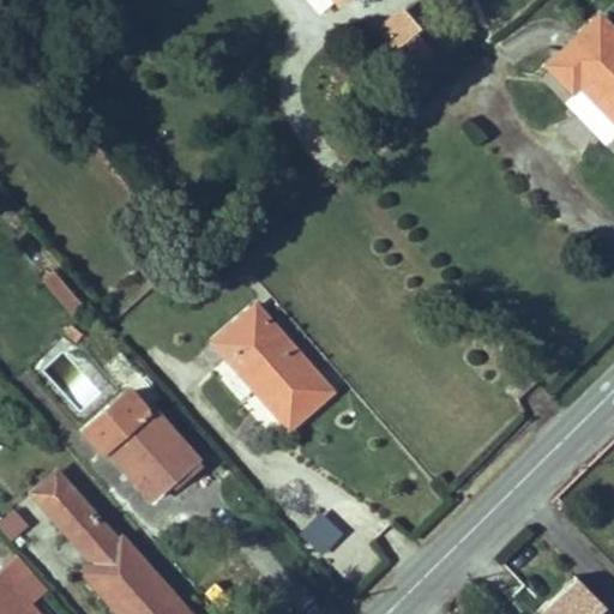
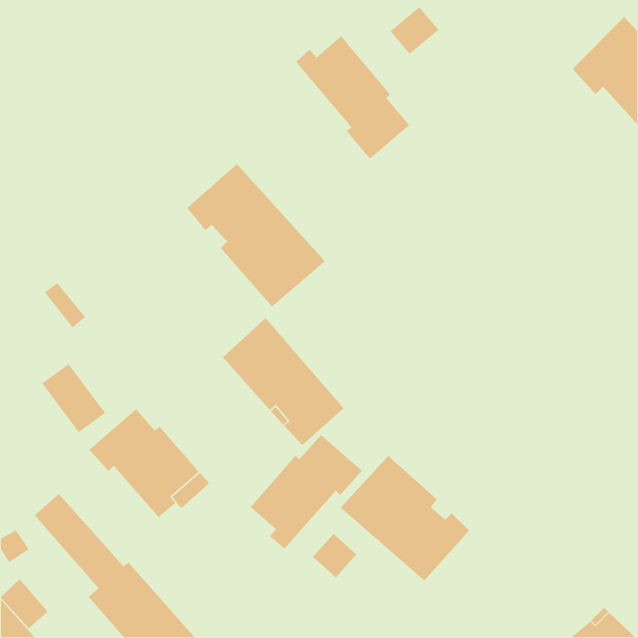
building: none -> [295,35,410,160]
building: none -> [186,163,326,307]
building: none -> [249,434,363,549]
building: none -> [340,455,470,581]

